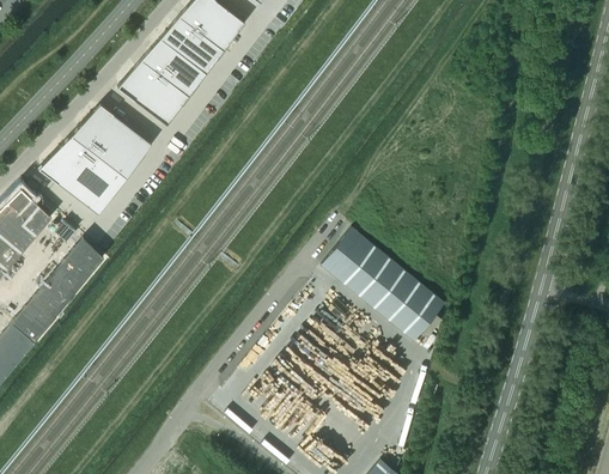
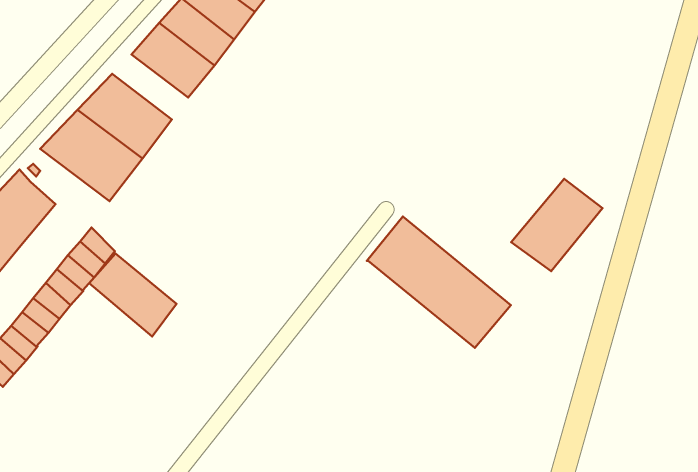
building: none -> [511,179,602,271]
building: none -> [89,253,176,337]

